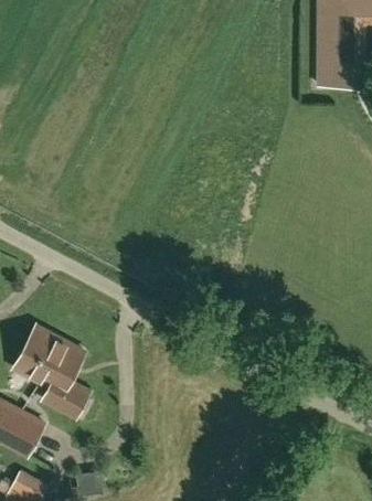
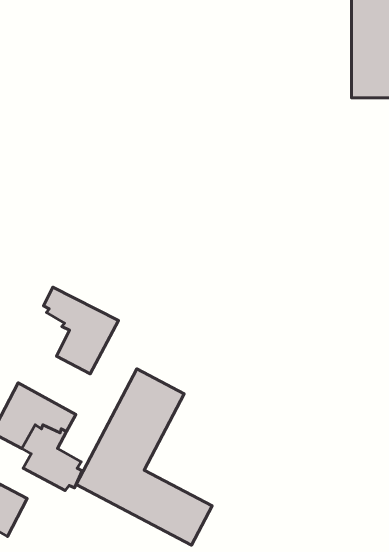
building: none -> [43,287,118,374]
building: none -> [76,369,212,545]

